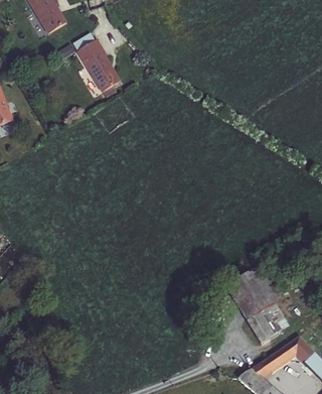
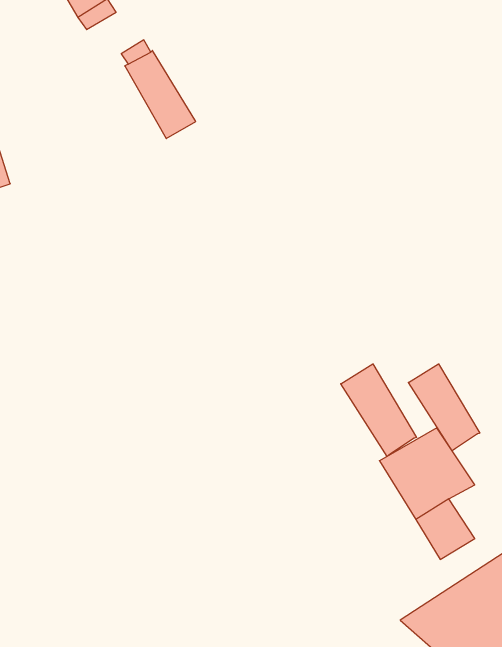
building: none -> [341,364,417,456]
building: none -> [408,364,480,451]

